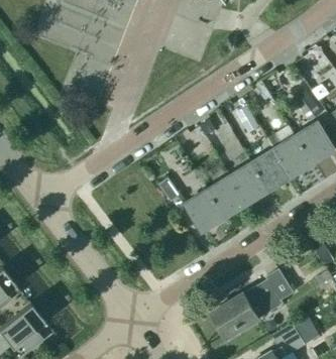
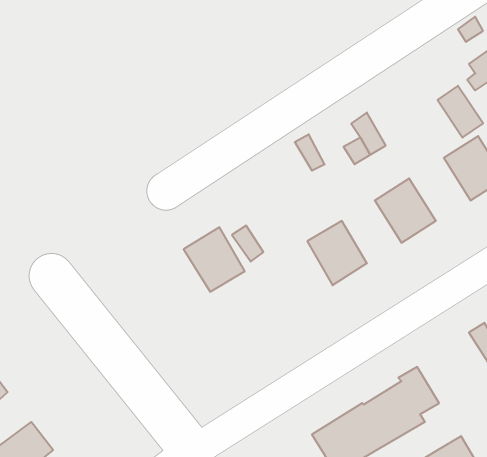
building: [267,134,313,175] -> none
building: [230,162,268,203] -> none
building: [185,189,224,230] -> [184,227,245,292]

